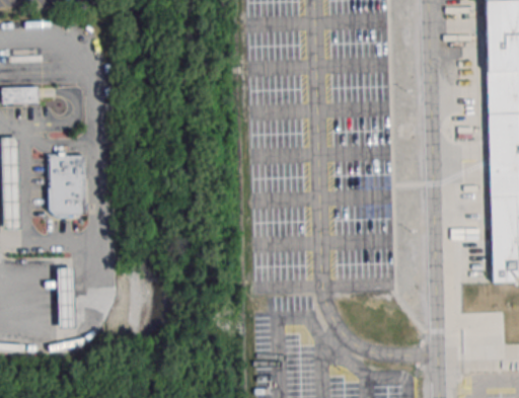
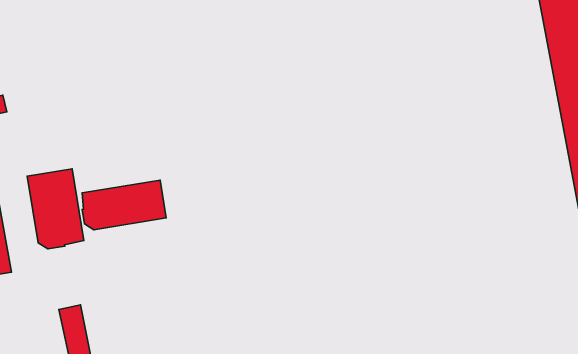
building: none -> [82,180,166,230]

